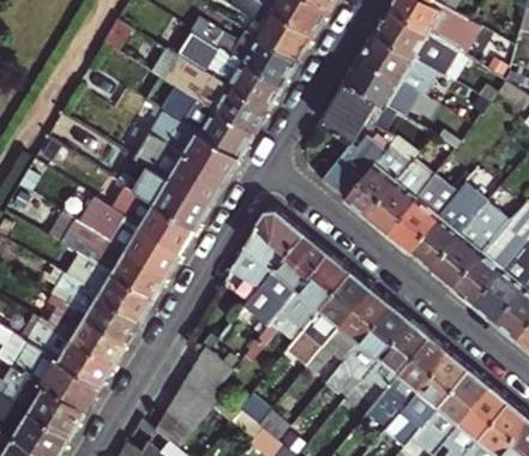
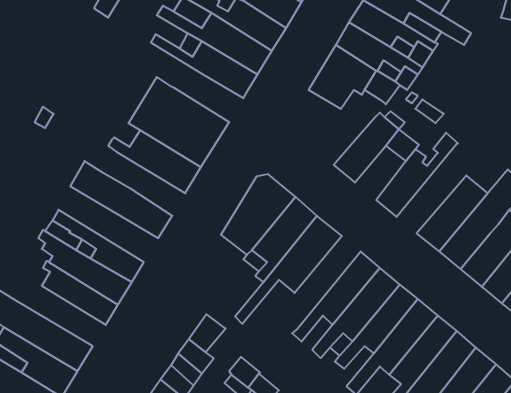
building: [181,109,252,157] -> none
building: [323,137,386,198] -> none
building: [407,179,489,270] -> none
building: [365,181,416,236] -> none
building: [110,187,193,252] -> none
building: [44,211,166,299] -> none
building: [287,272,371,366] -> none
building: [23,317,113,384] -> none

